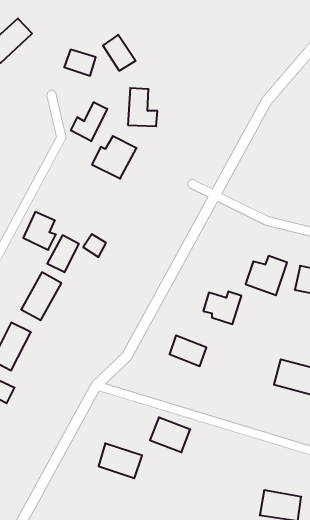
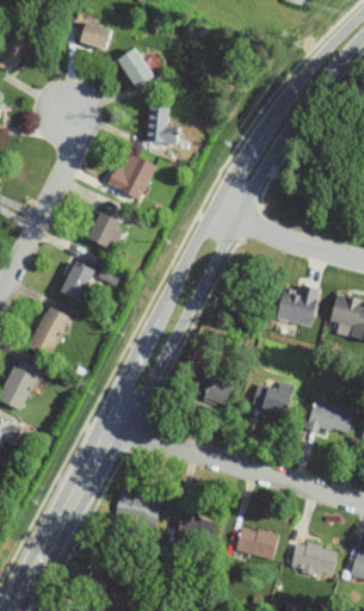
building: [64,50,96,76] -> [78,23,112,51]
building: [71,102,107,141] -> none
building: [23,212,56,250] -> [87,206,123,248]
building: [203,291,241,324] -> [252,378,294,414]
building: [150,417,190,452] -> [173,511,217,549]
building: none -> [235,526,278,560]

